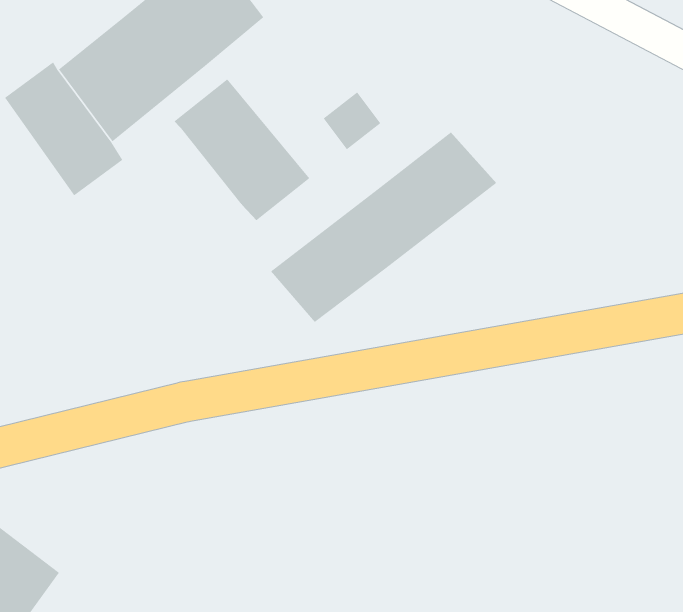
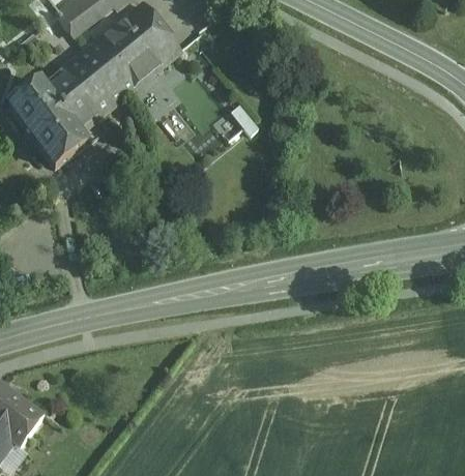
building: [173,79,310,221] -> none
building: [270,132,497,323] -> none

